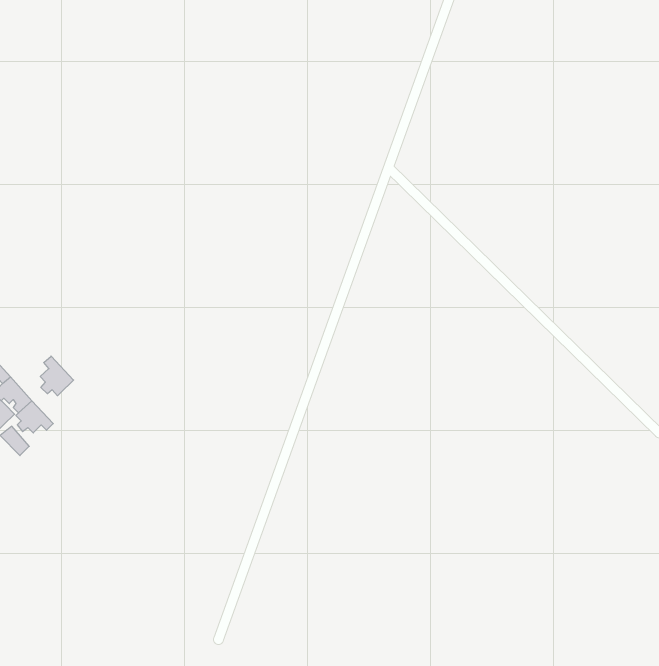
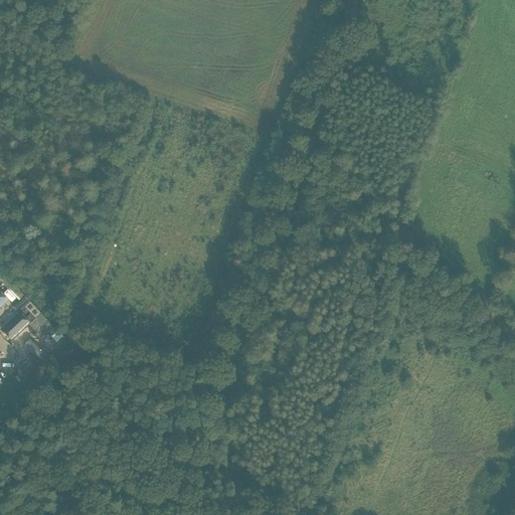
building: [40,356,74,396] -> none

